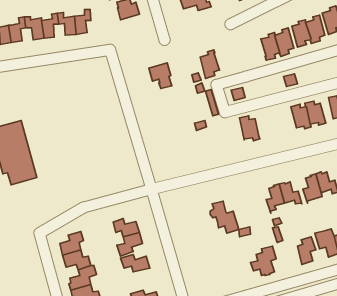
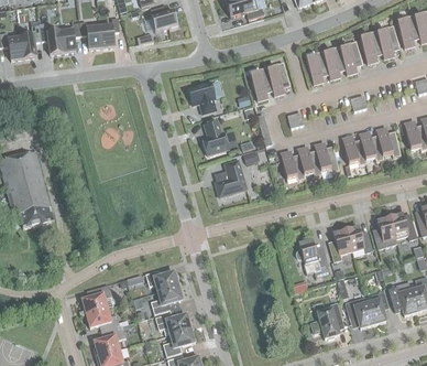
building: none -> [306,50,329,84]
building: none -> [266,62,289,95]
building: none -> [201,120,228,154]
building: none -> [342,136,366,164]
building: none -> [314,142,338,171]
building: none -> [281,150,305,179]
building: none -> [215,160,247,196]
building: [210,201,239,233] -> [296,239,330,278]
building: none -> [344,297,372,327]
building: none -> [162,329,193,356]

